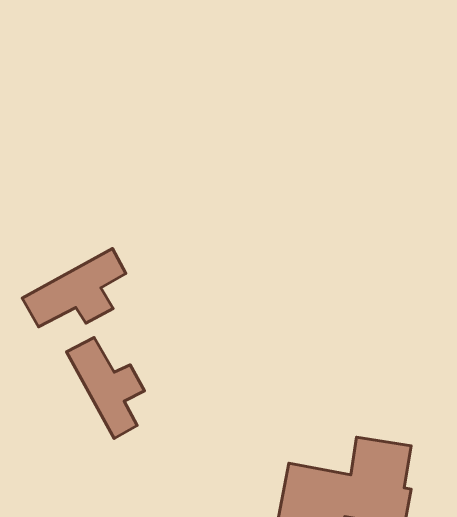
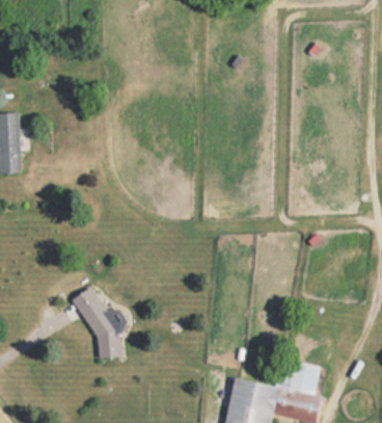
building: [22,248,126,327] -> none

